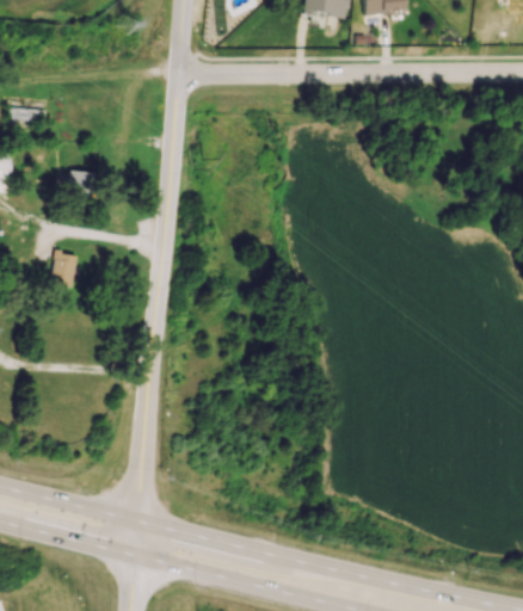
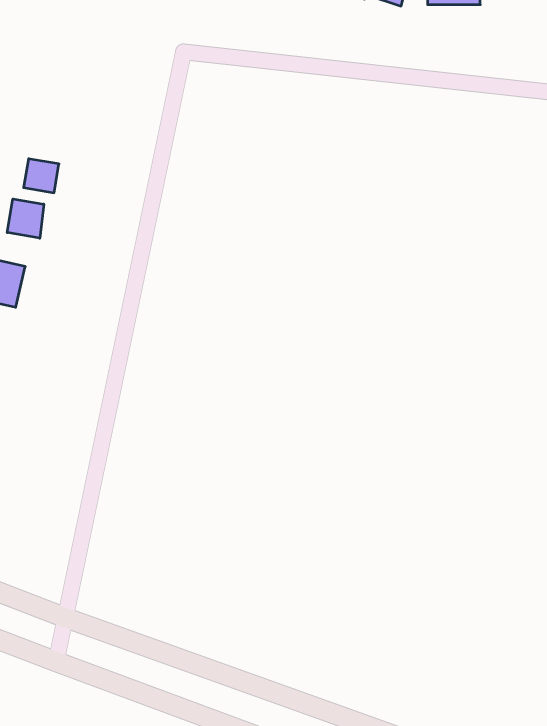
building: none -> [7,199,44,238]

